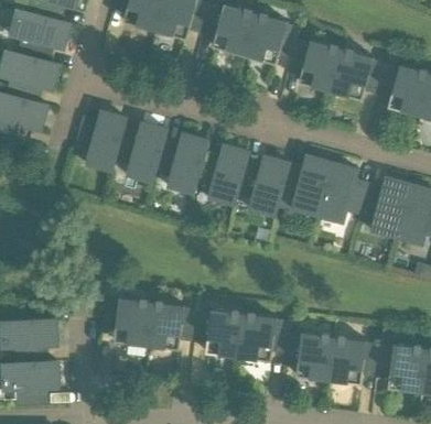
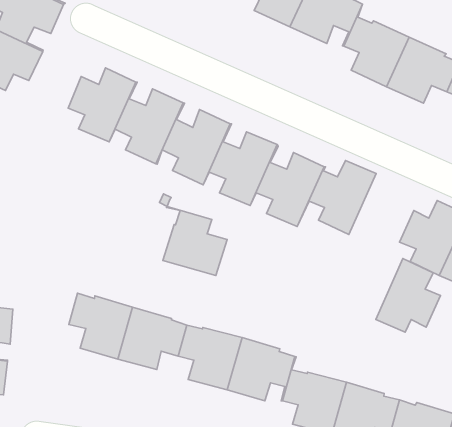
building: [319,163,368,222] -> [376,258,441,332]
building: none -> [163,206,227,276]

